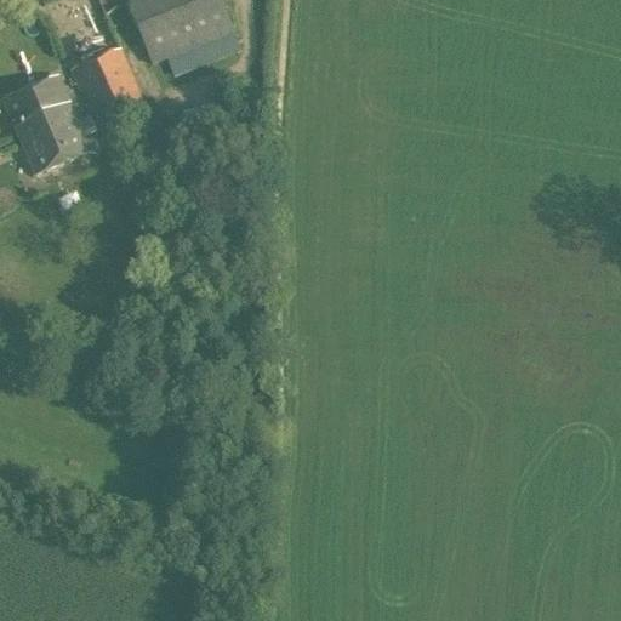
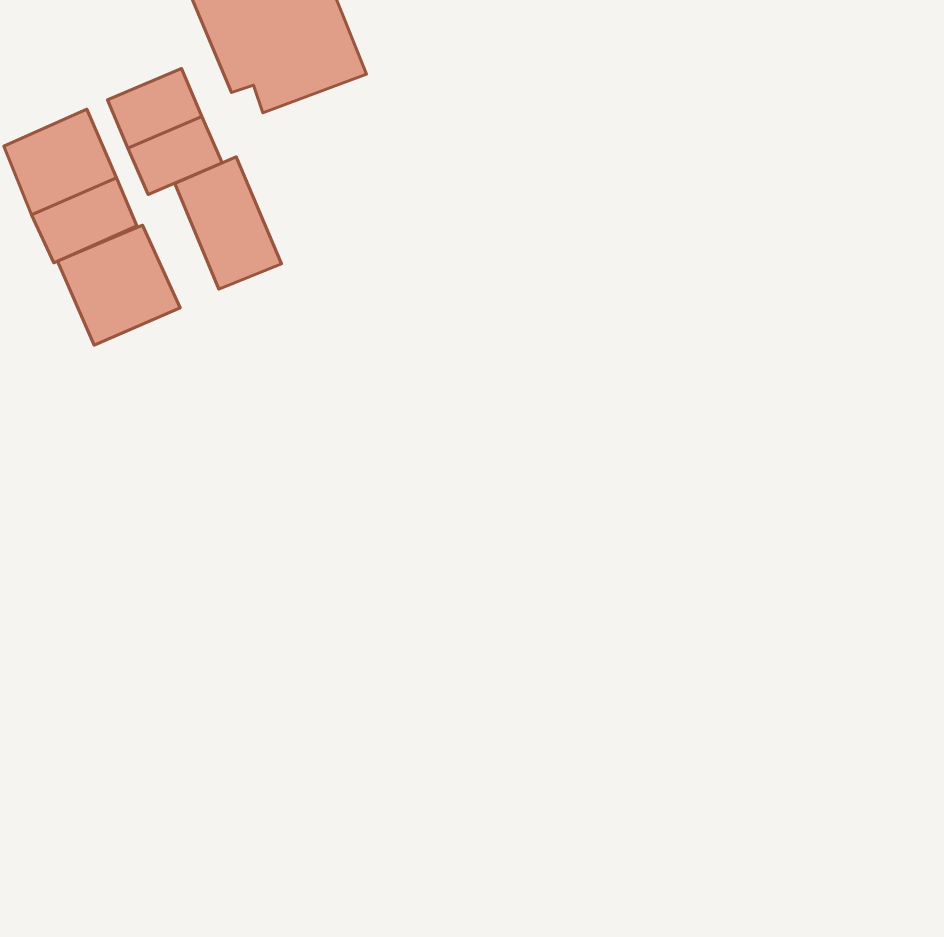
building: none -> [175,157,282,289]
building: none -> [58,225,180,345]

